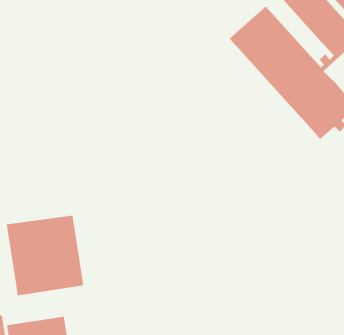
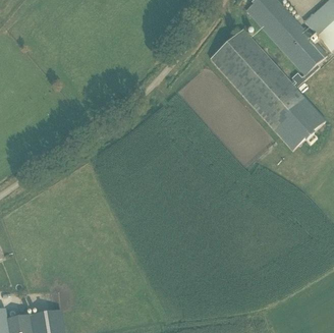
building: [6,215,84,296] -> none

